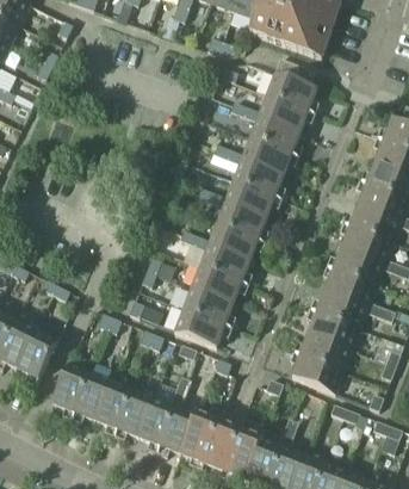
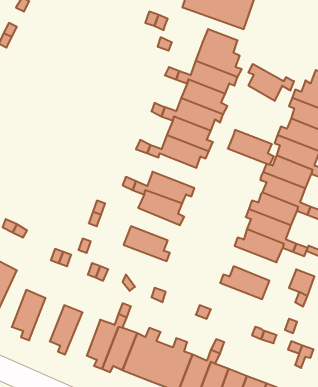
building: none -> [249,64,294,101]
building: [215,202,268,242] -> [228,130,274,165]
building: [190,265,247,303] -> none
building: [173,308,231,347] -> none
building: [306,309,359,349] -> none
building: [290,352,342,392] -> none
building: [72,370,112,422] -> none
building: [113,386,154,439] -> none

